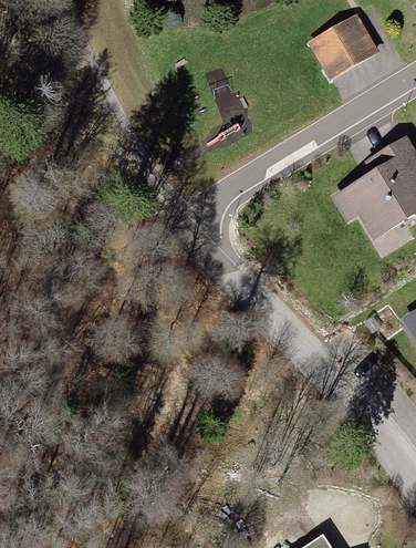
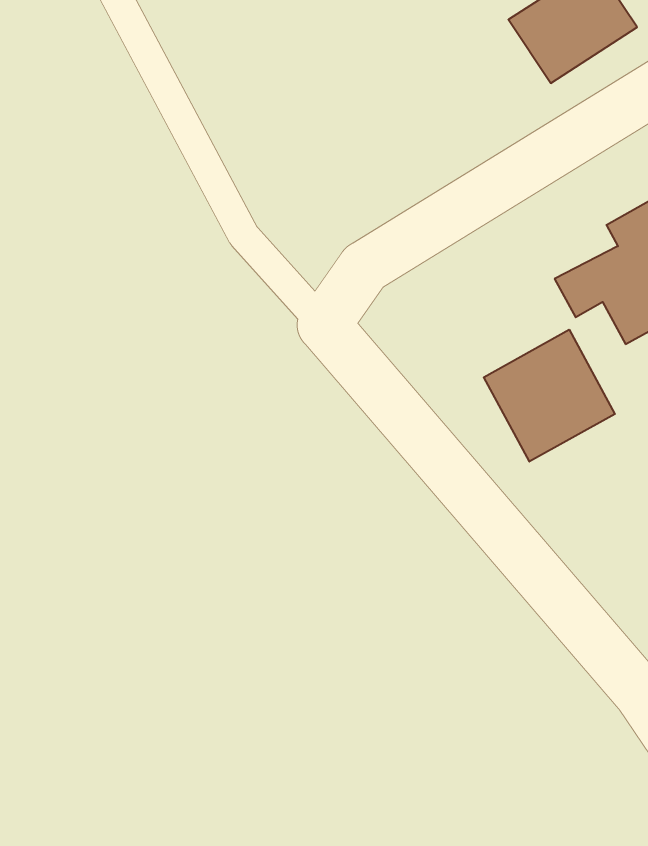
building: none -> [484,330,615,462]

